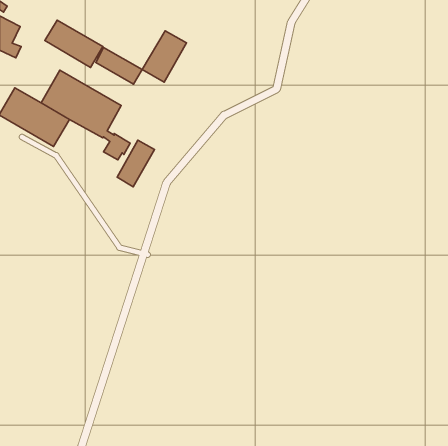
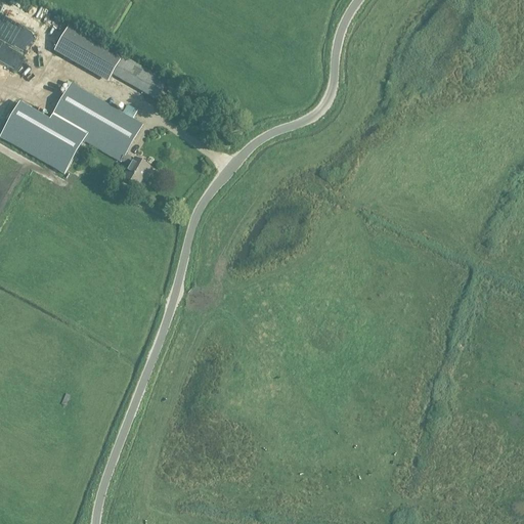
building: [142,31,187,82] -> none
building: [117,140,155,187] -> none

